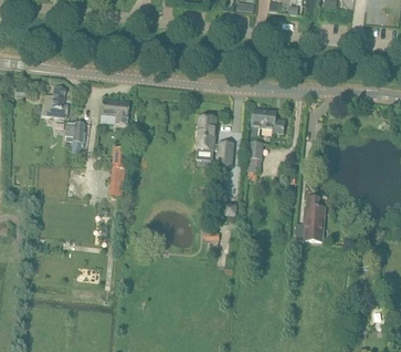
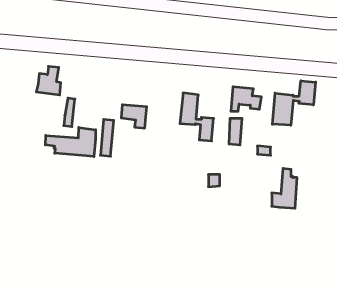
building: [101,100,128,125] -> [121,105,147,128]
building: none -> [272,81,316,125]
building: none -> [45,127,96,157]

